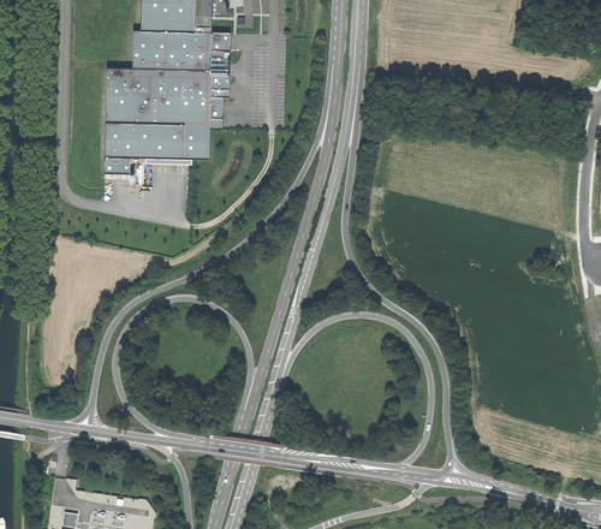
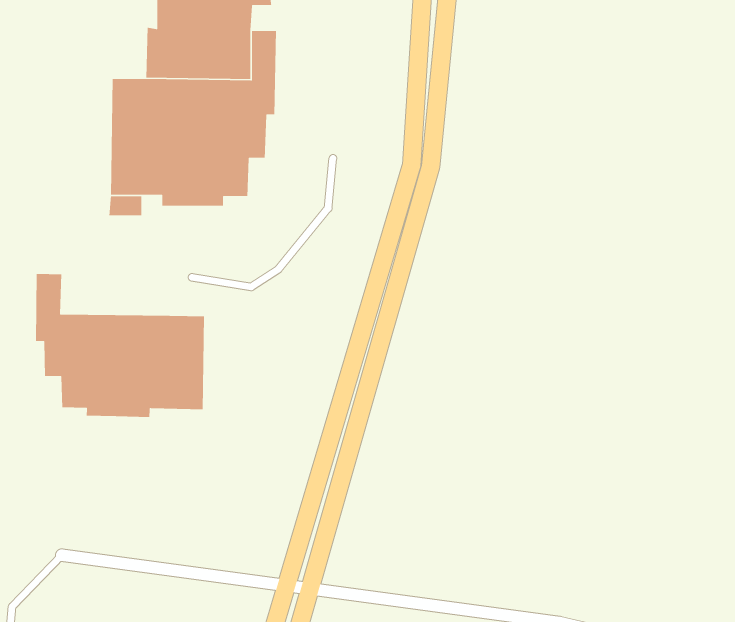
building: none -> [35,273,205,418]

